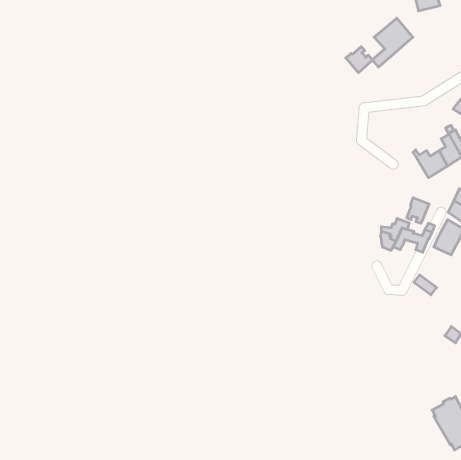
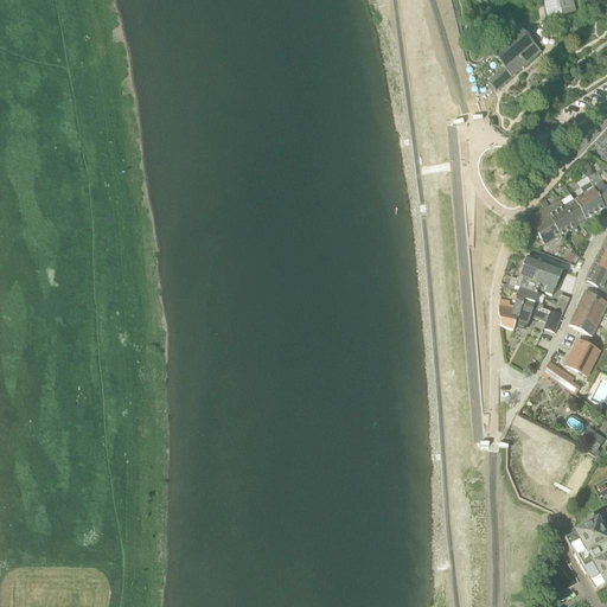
building: [346,47,372,73] -> none
building: none -> [532,206,563,242]
building: none -> [517,253,543,292]
building: none -> [567,337,601,373]

